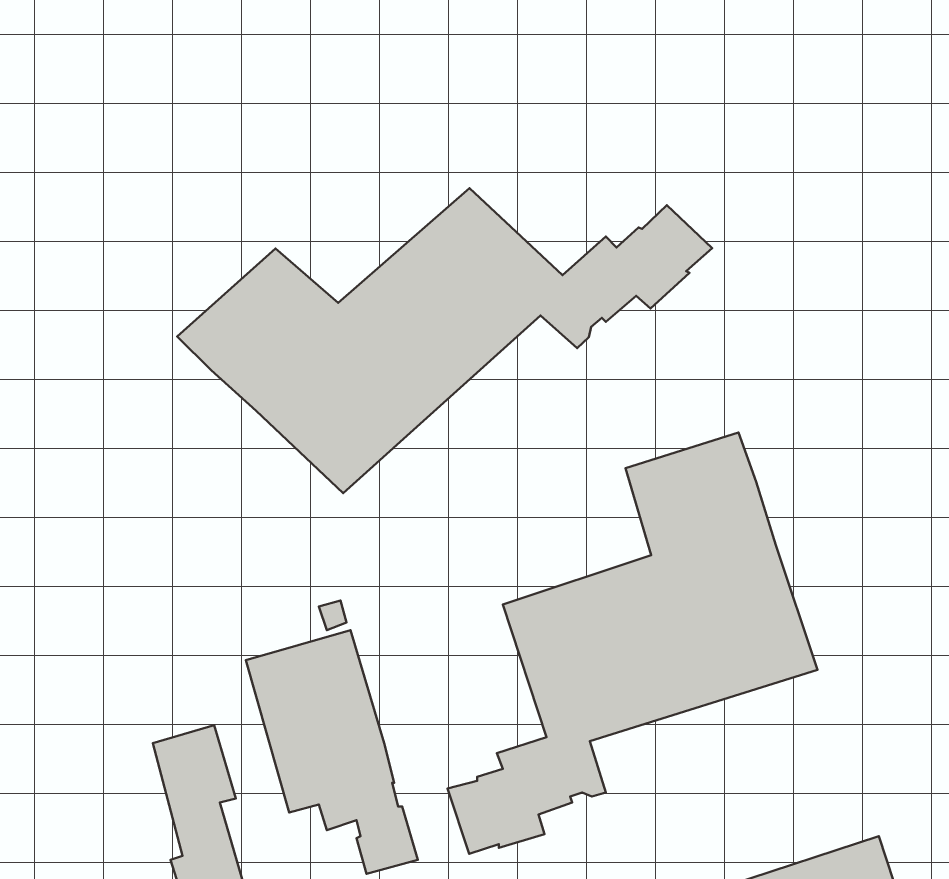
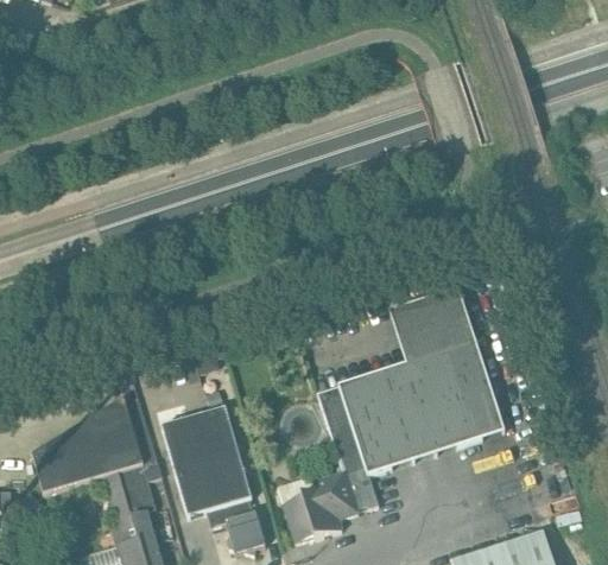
building: [177,188,712,493] -> none
building: none -> [32,396,157,491]

